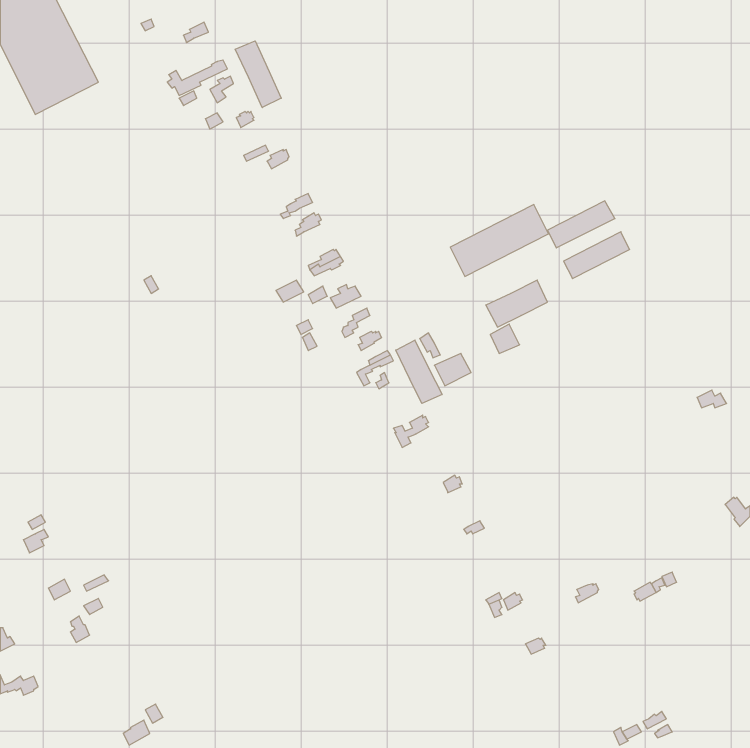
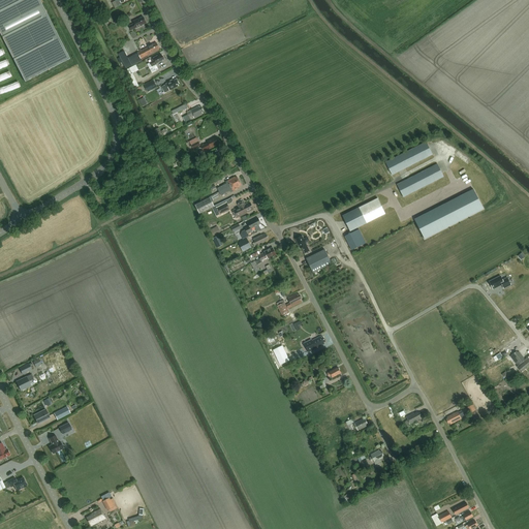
building: [235,41,281,108] -> none
building: [450,205,549,276] -> [414,188,484,239]
building: [396,340,442,403] -> none

